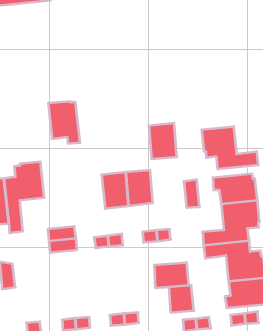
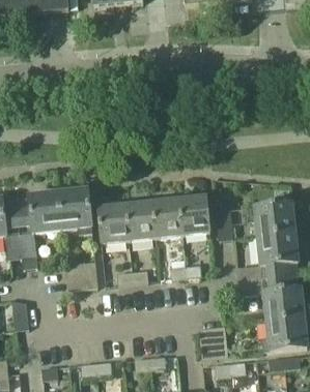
building: [48,101,80,143] -> [57,187,92,234]
building: [149,123,177,159] -> [178,195,209,235]
building: [202,126,258,169] -> none
building: none -> [97,204,129,244]
building: [155,262,188,288] -> none

